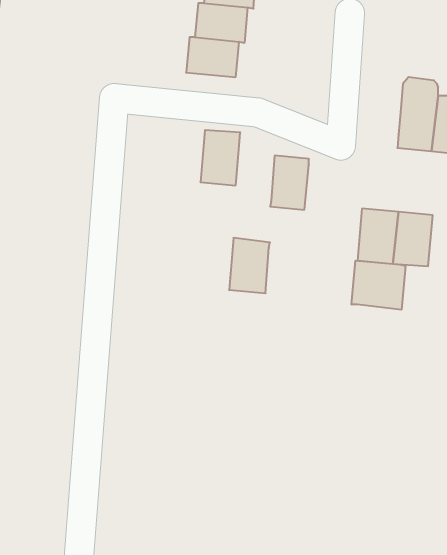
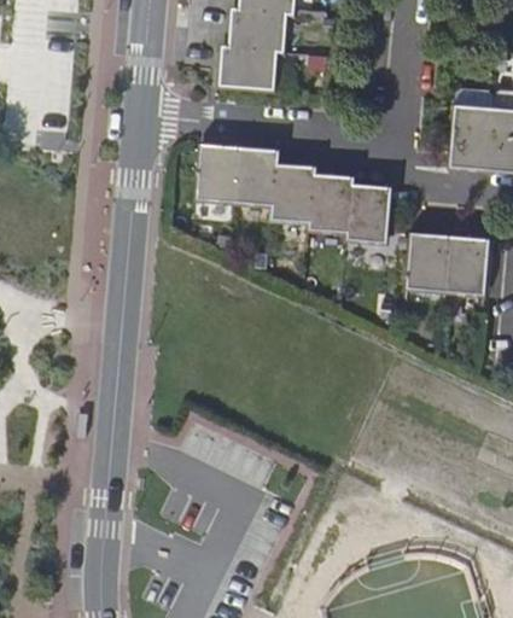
building: none -> [198,142,240,203]
building: none -> [349,183,391,241]
building: [229,238,270,293] -> [273,163,317,223]
building: [352,261,405,310] -> none

